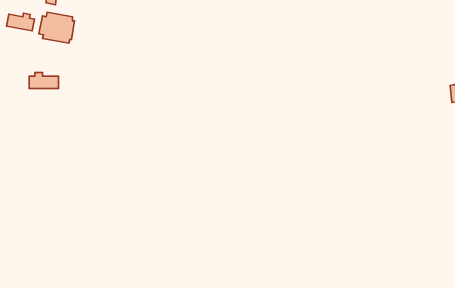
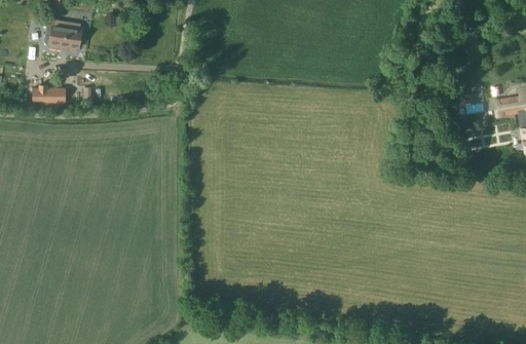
building: [7,13,34,31] -> none

